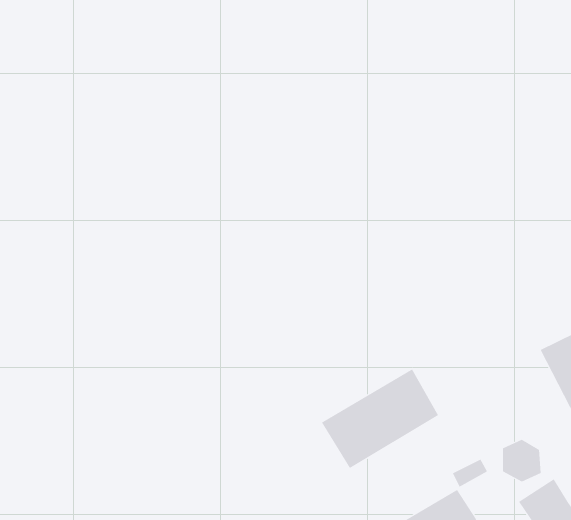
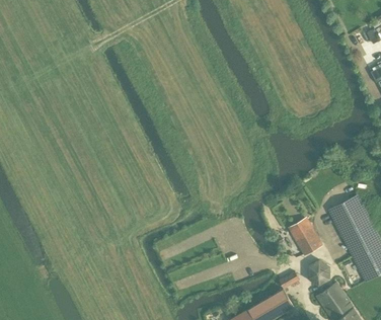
building: none -> [290,218,320,253]
building: [321,368,439,469] -> none

